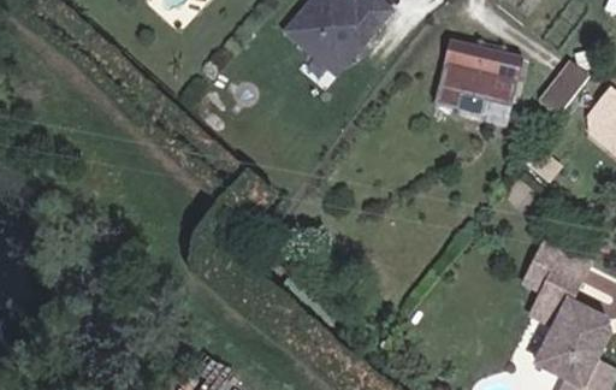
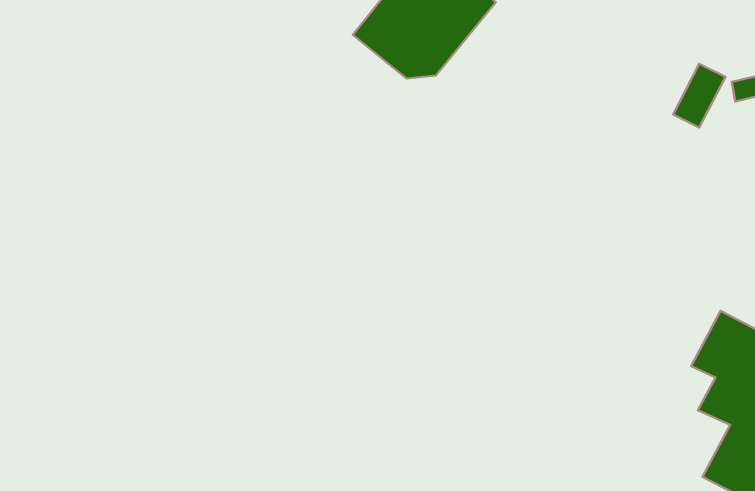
building: [425,40,517,114] -> none

